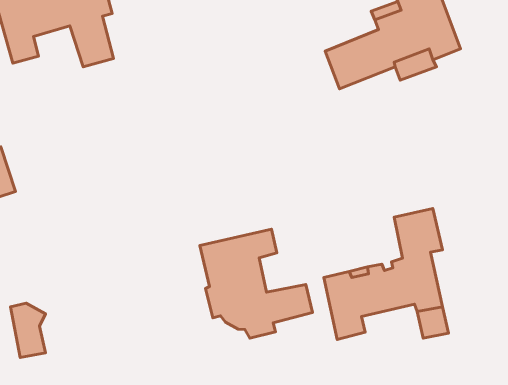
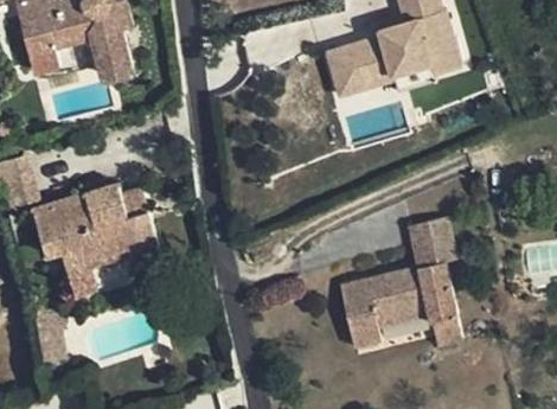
building: none -> [31,185,160,294]
building: [200,229,313,338] -> none

